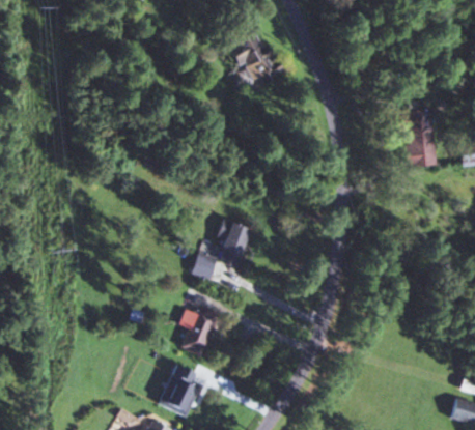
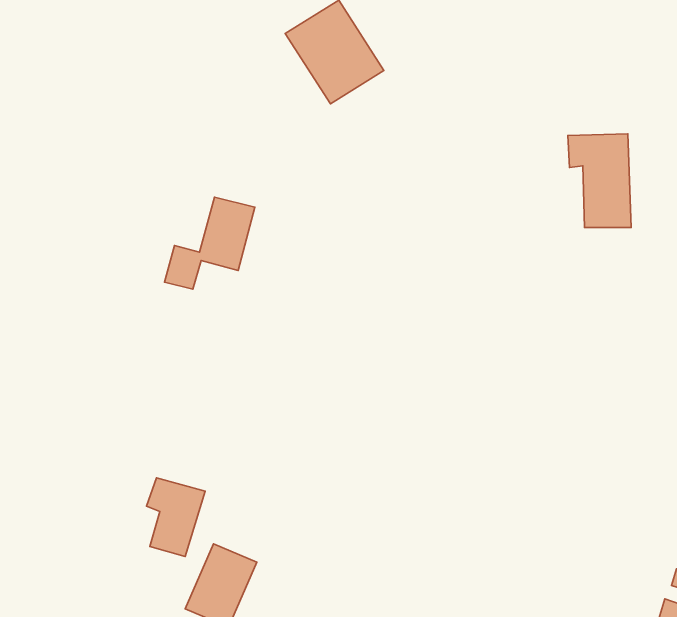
building: [194,222,250,279] -> [164,197,255,289]
building: [179,307,216,355] -> [147,478,205,556]

